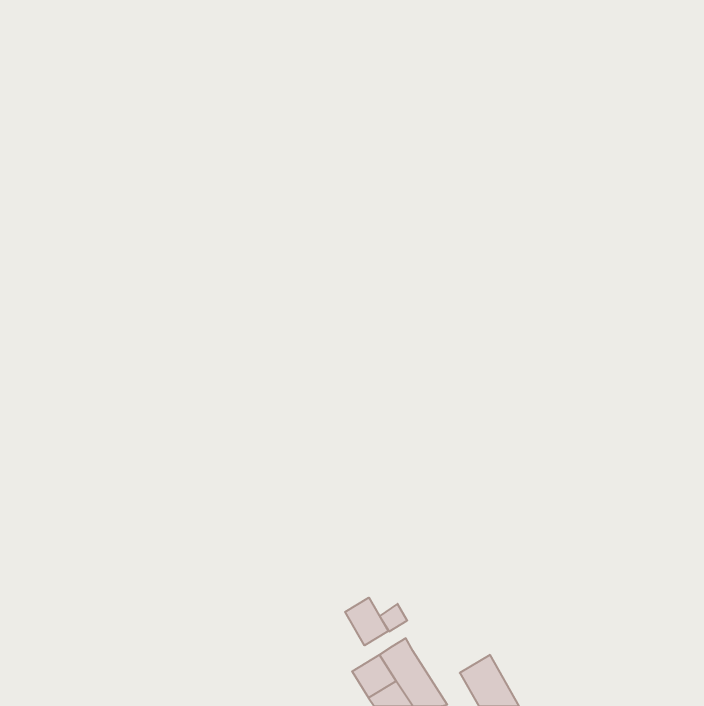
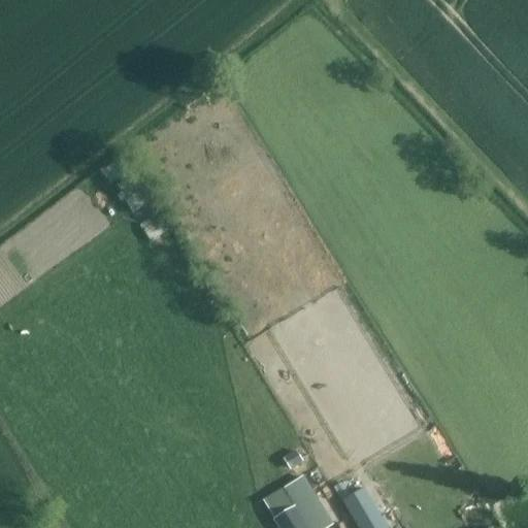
building: [345,598,388,645] -> none

